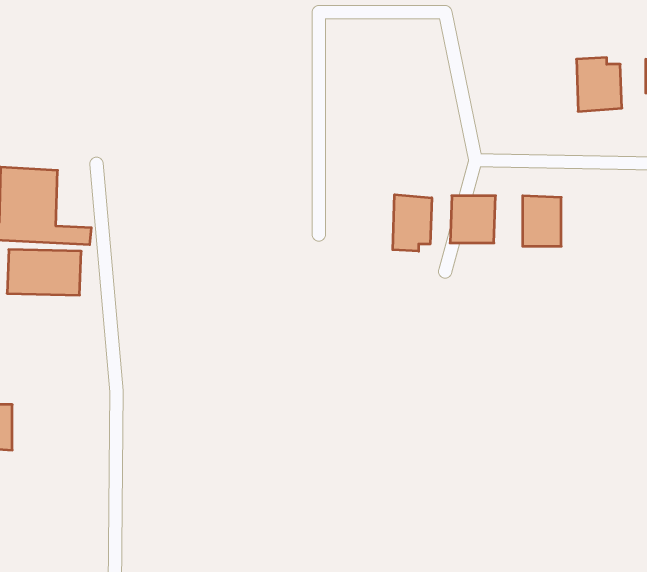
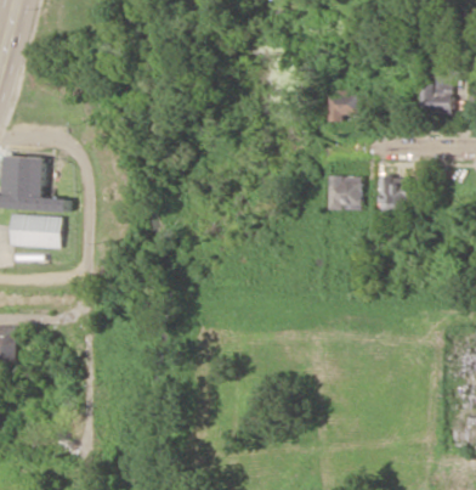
building: none -> [327,94,359,122]
building: [393,195,432,251] -> none

